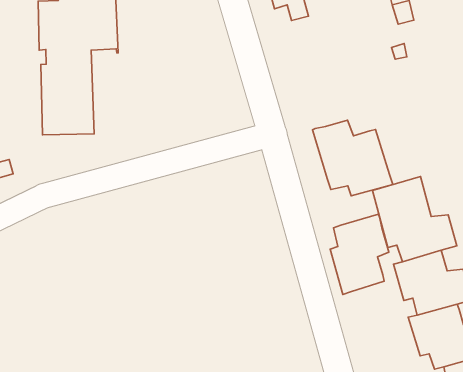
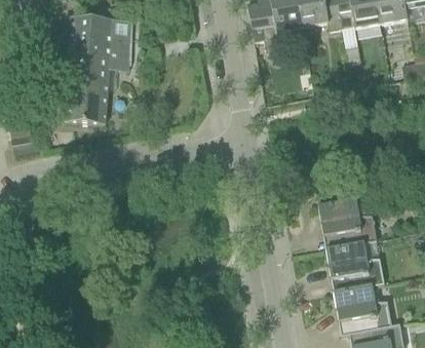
building: [313,120,393,196] -> none
building: [330,214,389,294] -> none

